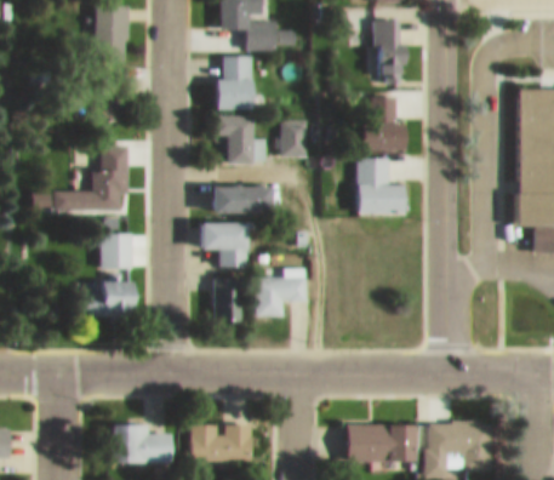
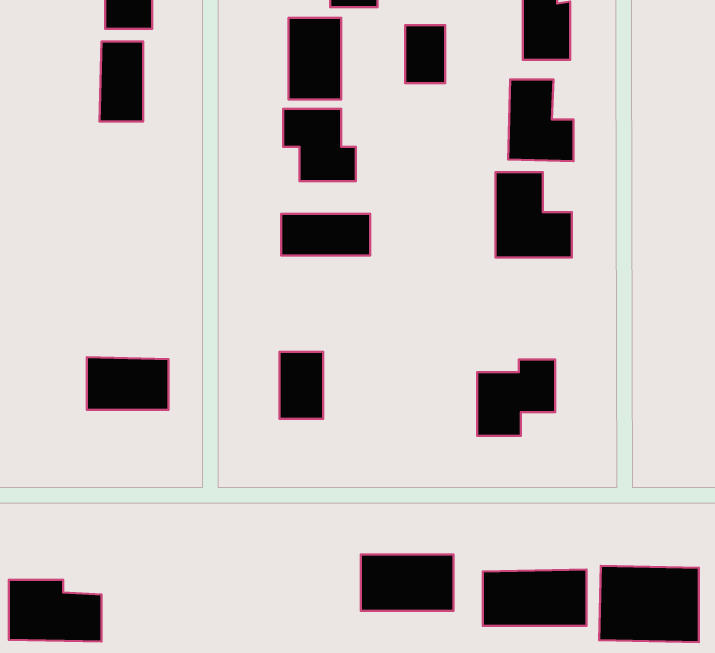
building: [279,119,305,158] -> [405,25,445,83]
building: [32,145,126,210] -> none
building: [201,223,250,267] -> none
building: [99,232,131,268] -> none
building: [255,268,307,319] -> [477,360,555,436]
building: [190,423,252,461] -> [361,555,454,611]
building: [112,424,173,465] -> [9,580,101,642]

